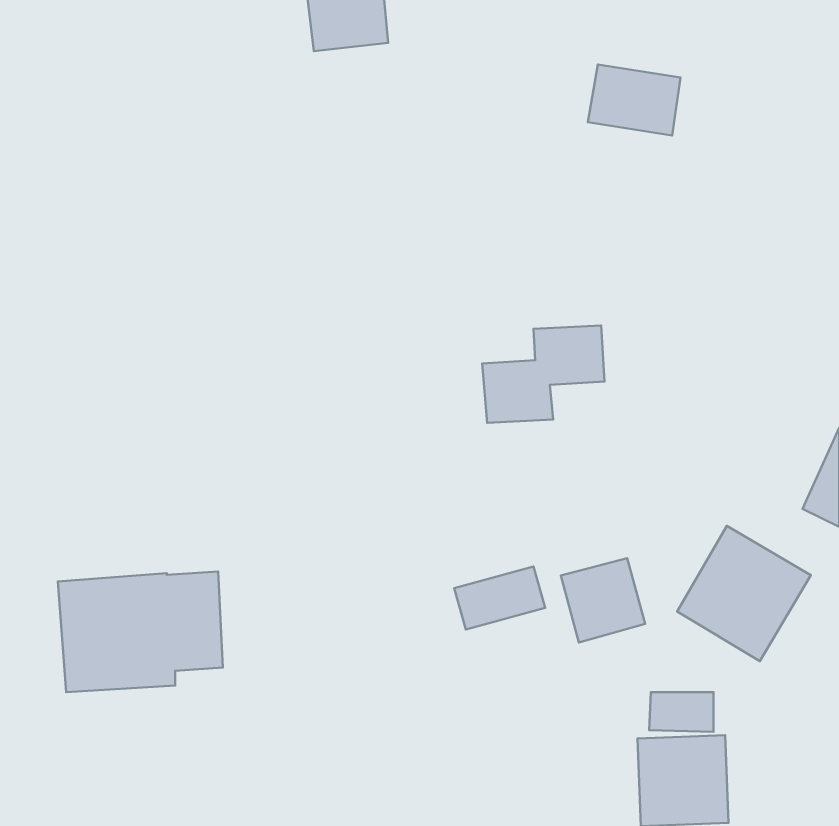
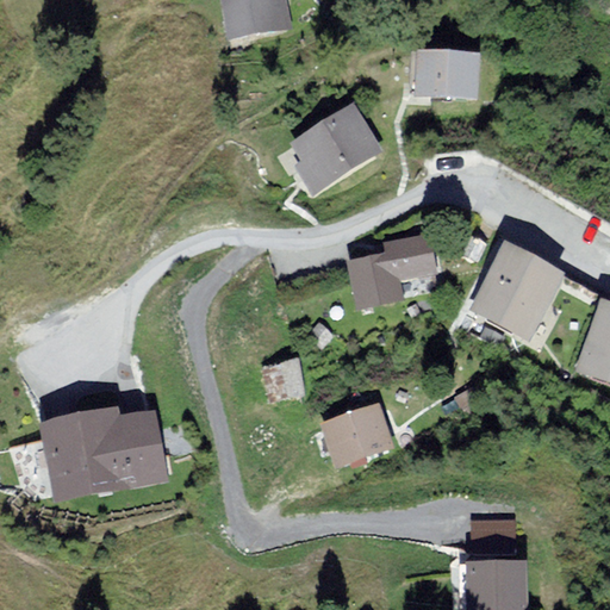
building: none -> [282,102,380,192]
building: none -> [257,359,303,399]
building: [677,526,811,661] -> [474,244,571,342]
building: [561,558,645,643] -> none

